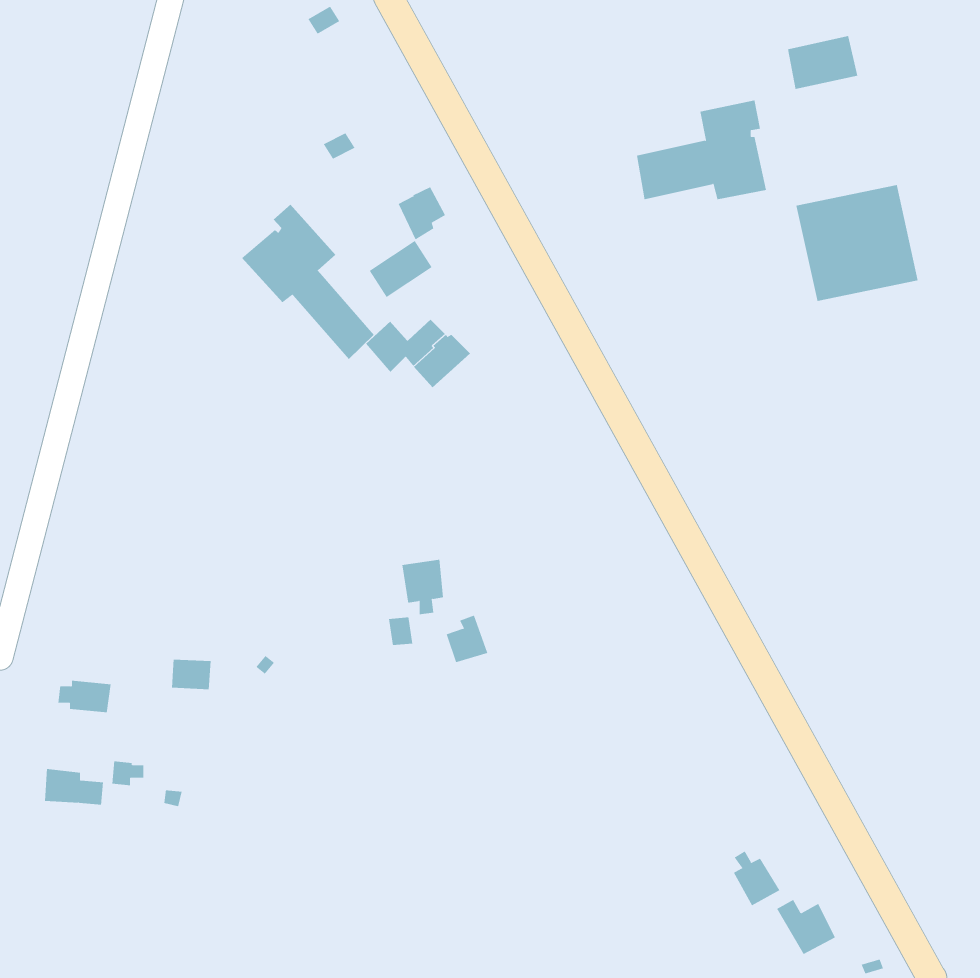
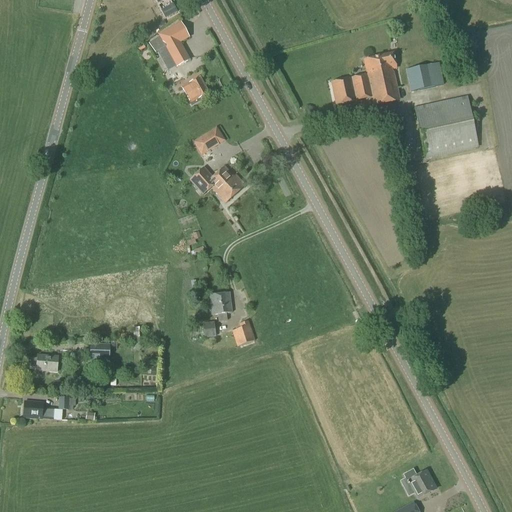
building: [787,36,858,89] -> [407,62,444,90]
building: none -> [149,21,190,68]
building: [398,186,446,240] -> [183,77,208,105]
building: [241,204,375,360] -> none
building: [733,851,780,906] -> none

